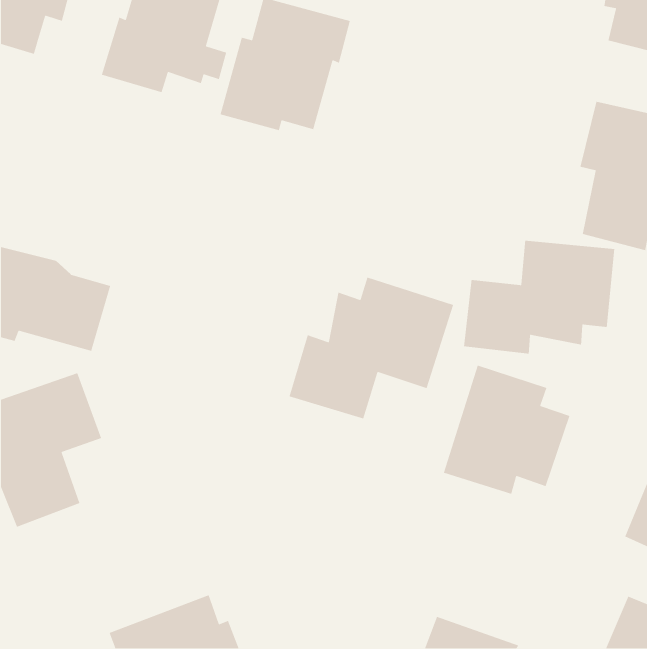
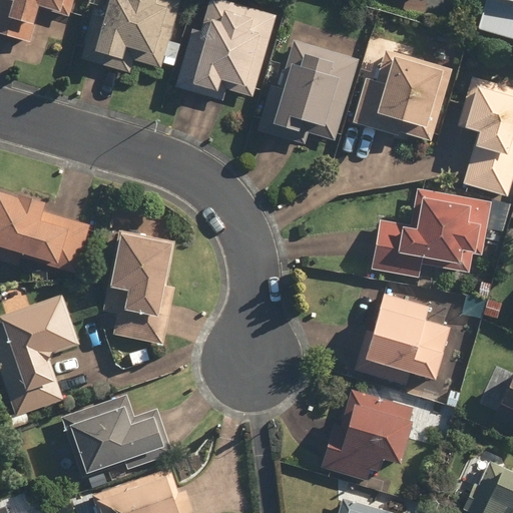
building: none -> [254,37,360,151]
building: none -> [354,39,450,145]
building: [289,277,454,420] -> none
building: none -> [104,235,166,344]
building: none -> [322,391,413,481]
building: none -> [61,395,173,478]

